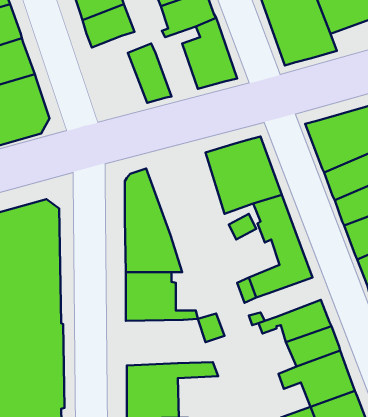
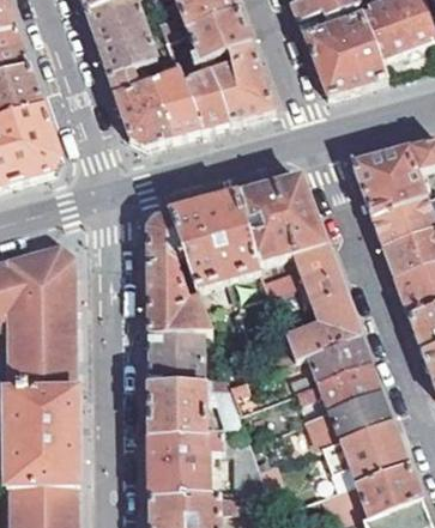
building: none -> [109,60,171,142]
building: none -> [181,68,229,128]
building: none -> [170,192,260,285]
building: none -> [308,333,368,377]
building: none -> [147,381,212,432]

